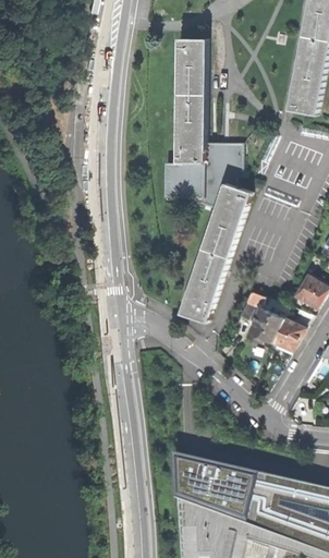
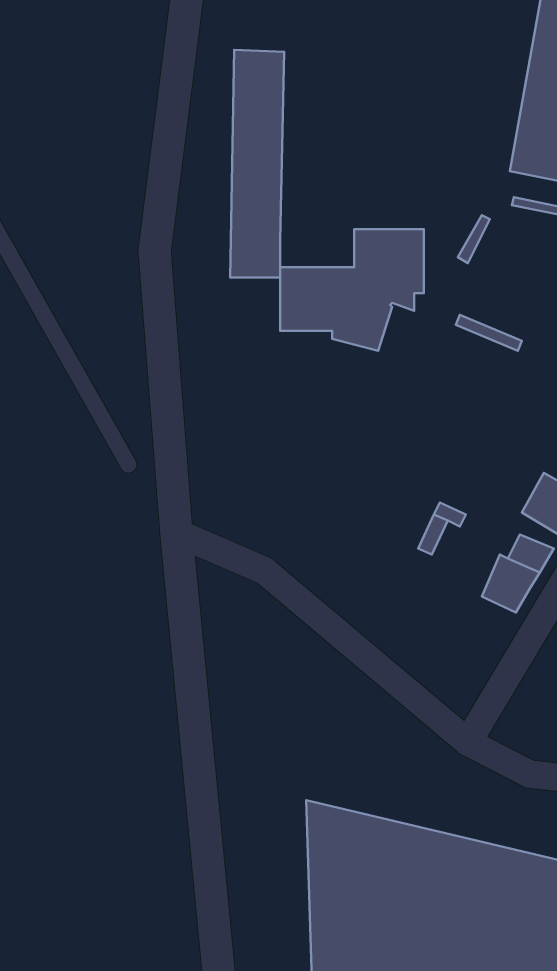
building: [176,38,206,162] -> [230,50,284,277]
building: [181,182,252,323] -> none
building: [247,308,283,347] -> none

